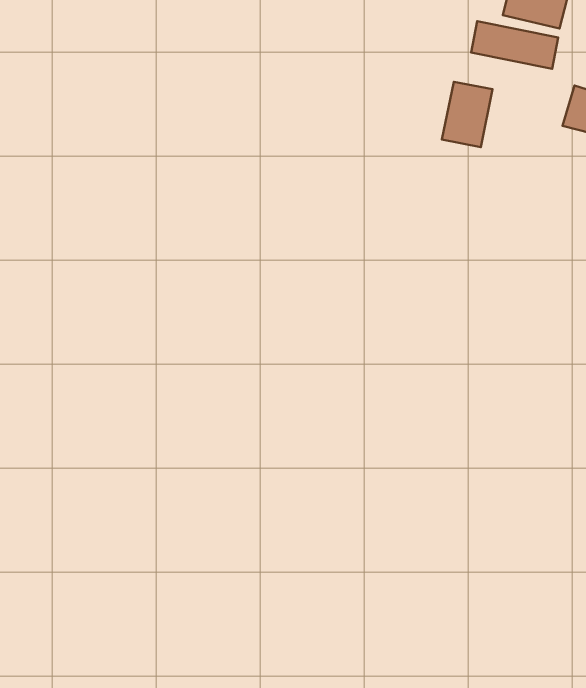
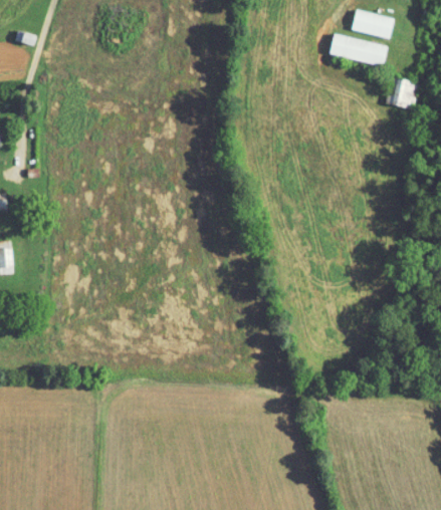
building: [442,82,493,147] -> none

